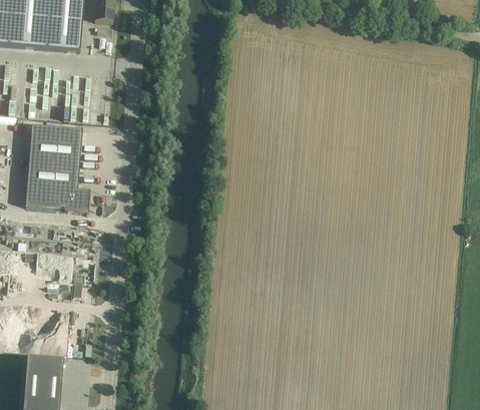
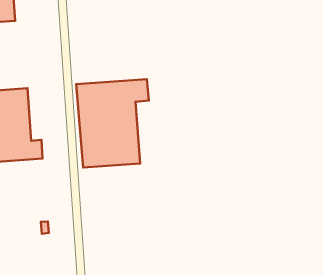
building: none -> [76,79,149,168]

